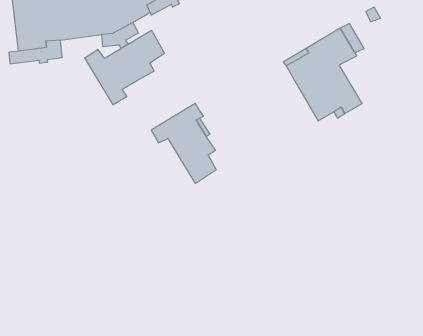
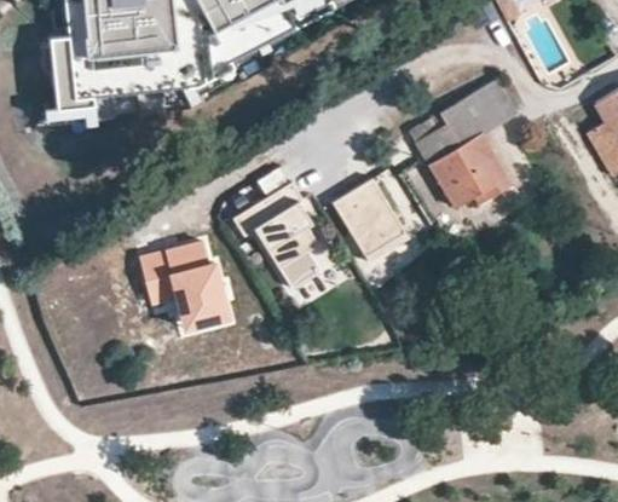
building: [85,30,164,105] -> none
building: none -> [334,178,405,255]
building: none -> [138,238,232,333]

